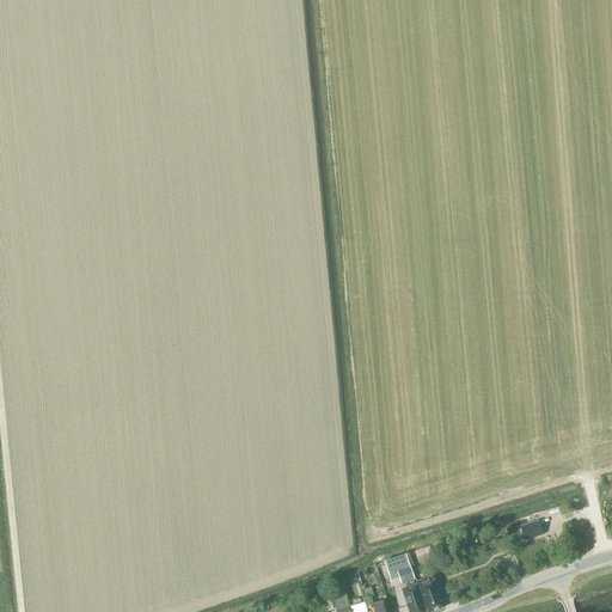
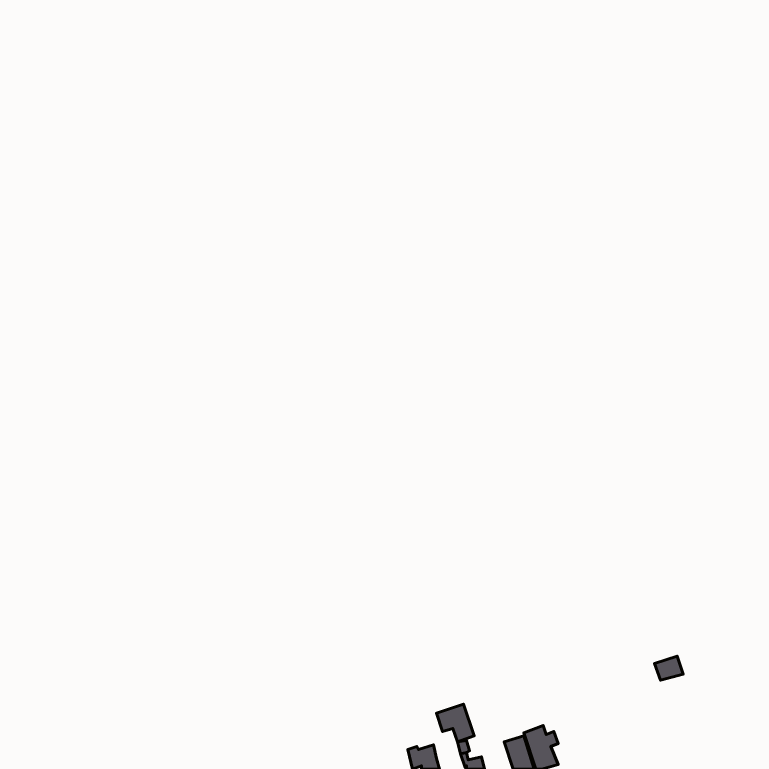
building: [384,555,414,585] -> [436,704,474,742]

